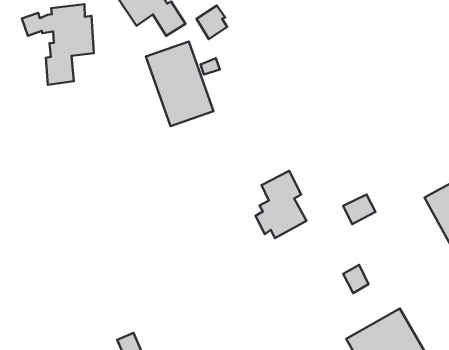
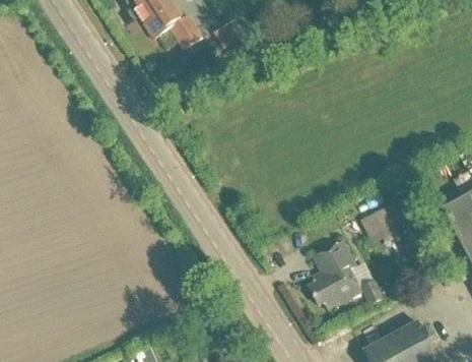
building: [22,4,94,85] -> none
building: [146,42,214,126] -> none
building: [256,171,306,238] -> [310,240,360,307]

